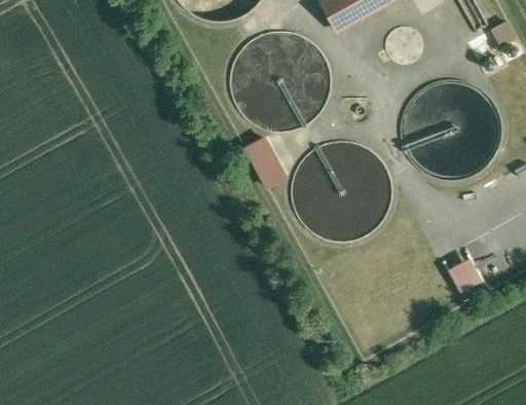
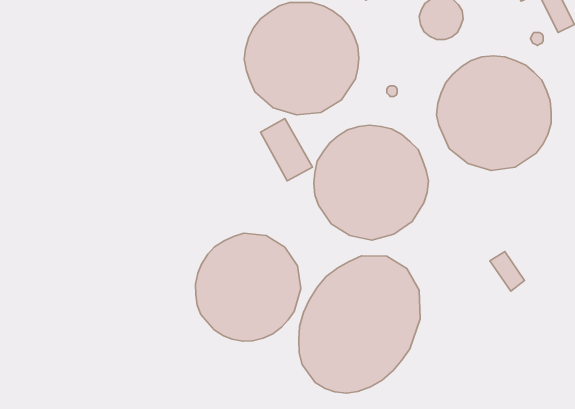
building: none -> [195,233,301,341]
building: none -> [299,256,420,393]

